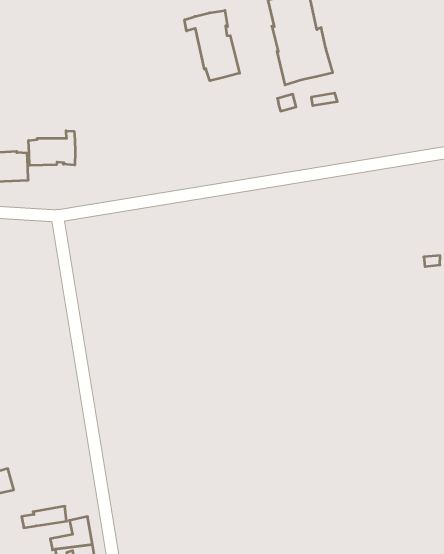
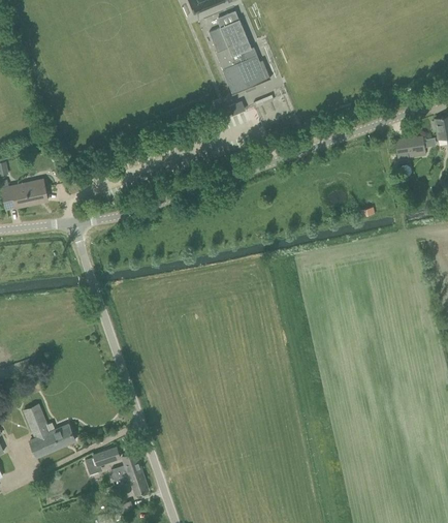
building: [185,10,240,81] -> none
building: [29,131,75,165] -> none

